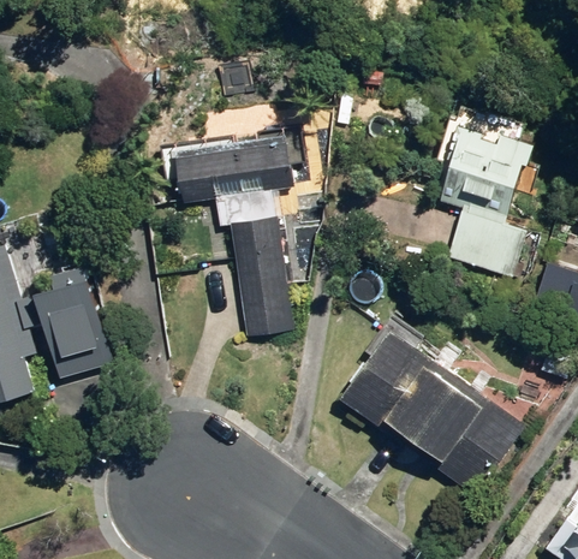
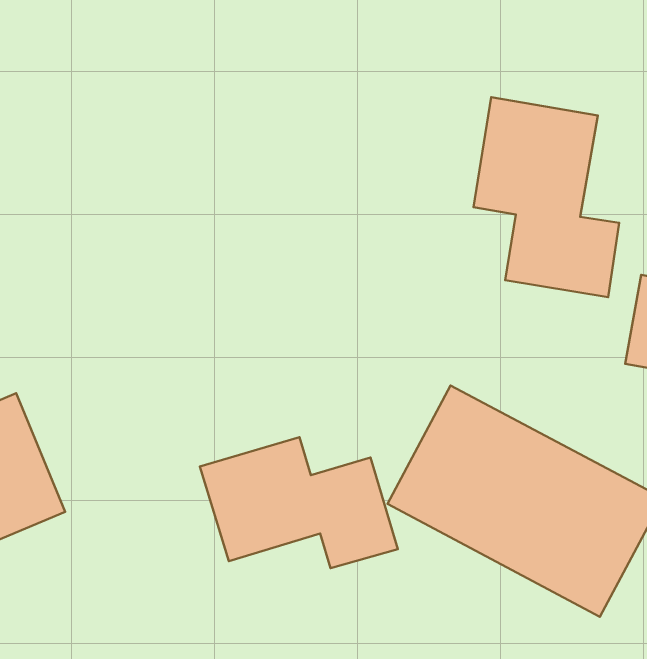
building: [183,132,297,333] -> none
building: none -> [200,437,398,568]

